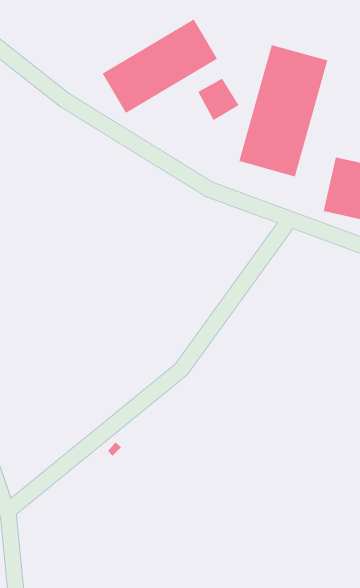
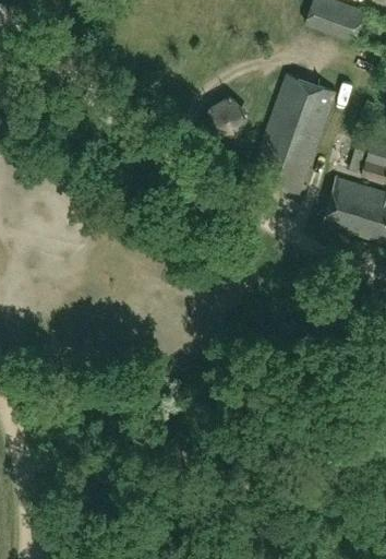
building: [102,19,218,114] -> none

